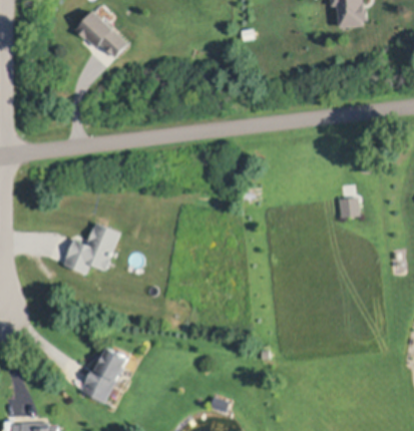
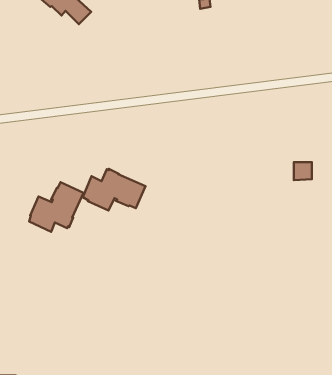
building: none -> [83,169,145,210]
building: [81,346,127,402] -> none

